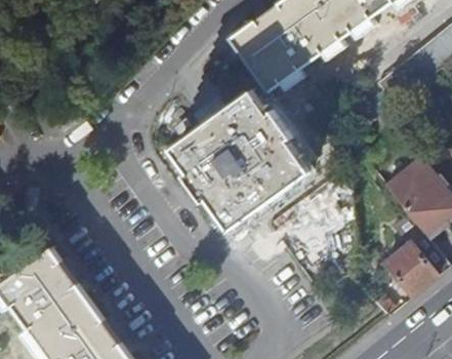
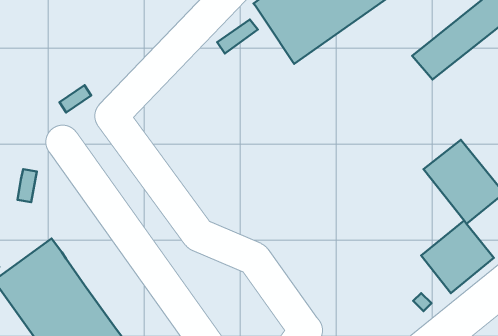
building: [174,89,312,230] -> none

